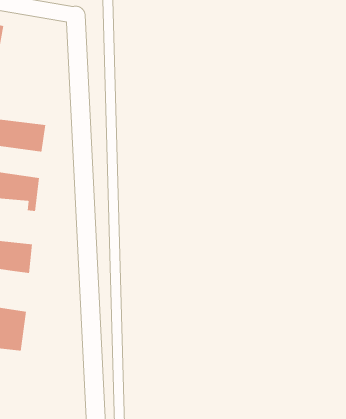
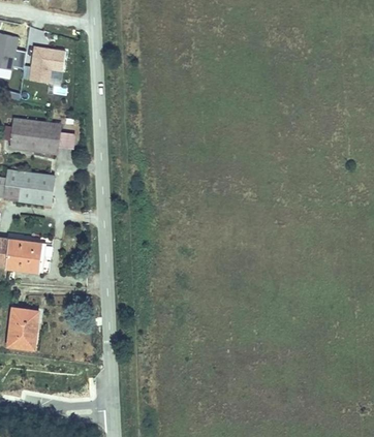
building: none -> [27,41,62,80]

